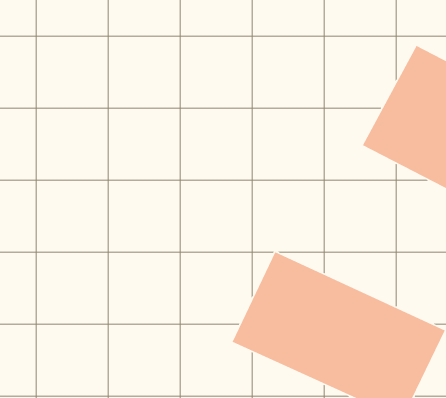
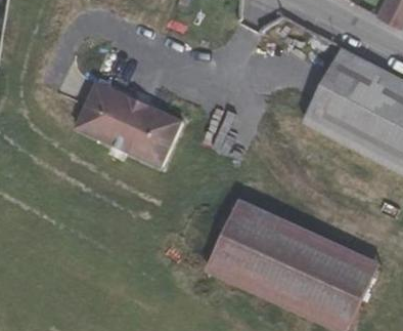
building: none -> [74,86,181,170]

